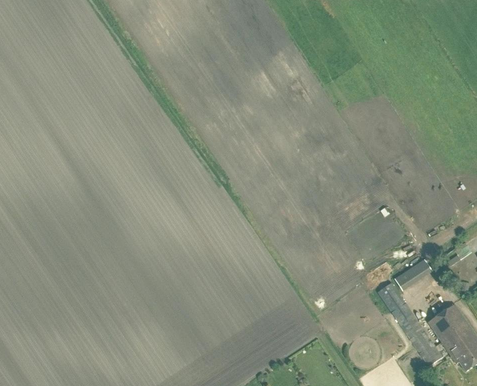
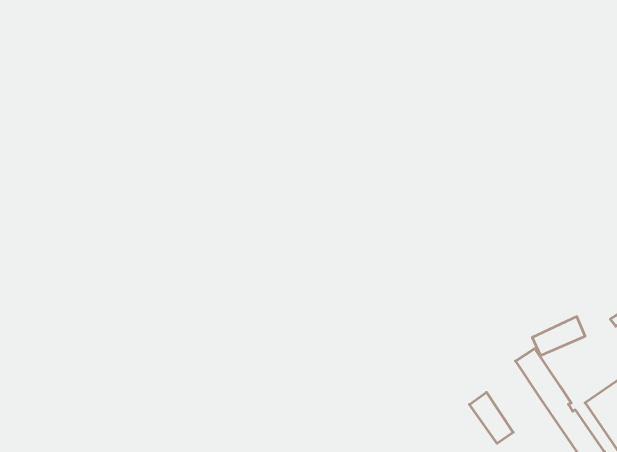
building: none -> [469,392,513,443]

